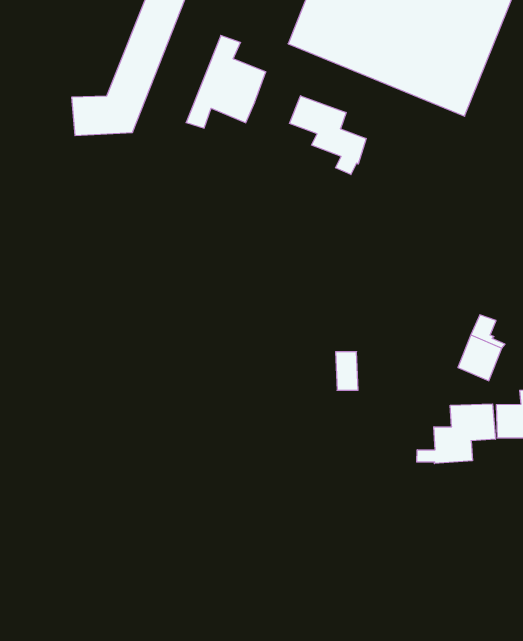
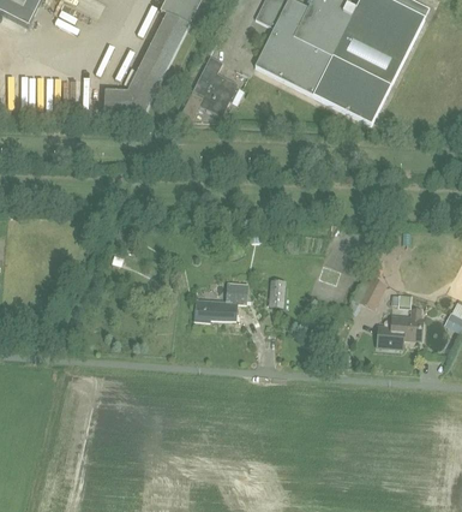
building: [290,96,366,175] -> none
building: none -> [194,280,247,318]
building: [417,404,495,464] -> none

